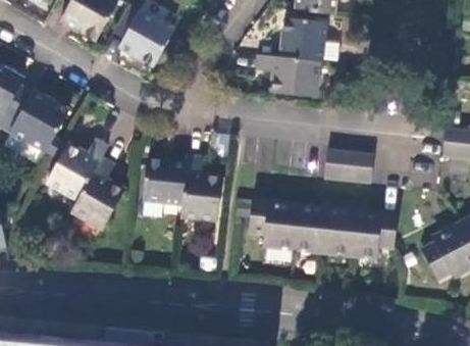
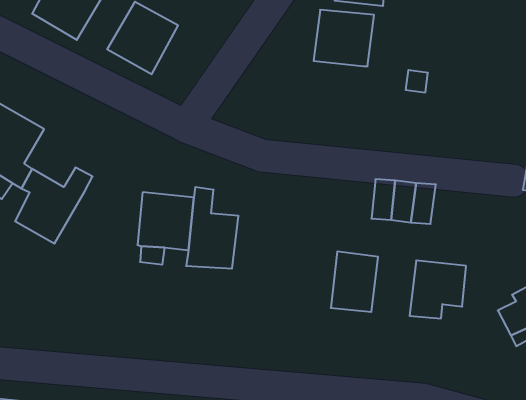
building: [255,55,317,97] -> none
building: [71,158,123,228] -> none
building: [247,200,297,249] -> none
building: [323,209,358,255] -> none

